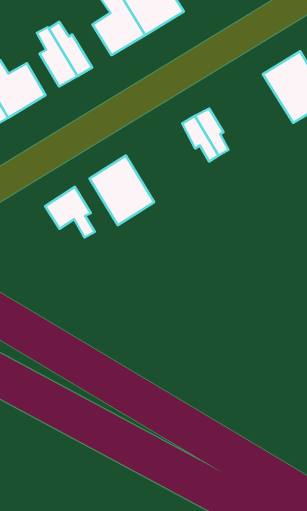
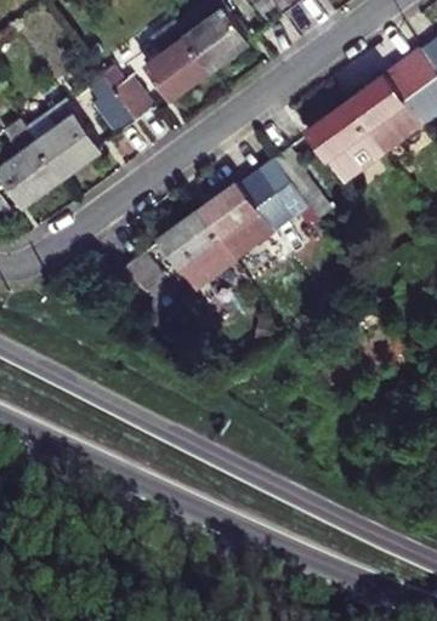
building: none -> [305,104,382,186]
building: none -> [197,182,271,258]

